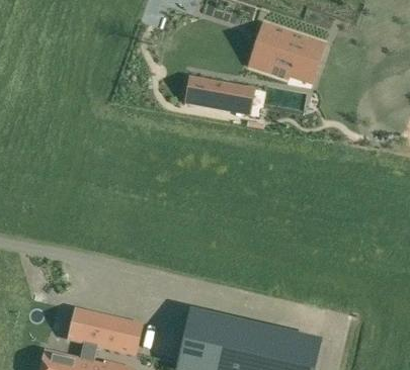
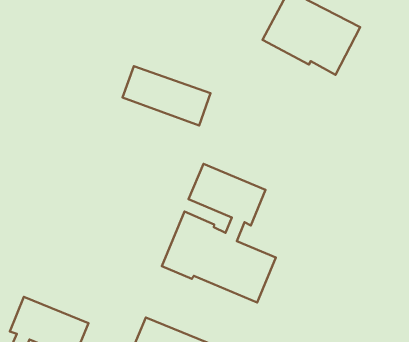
building: [183,76,255,116] -> [123,66,210,126]
building: none -> [162,164,276,303]

